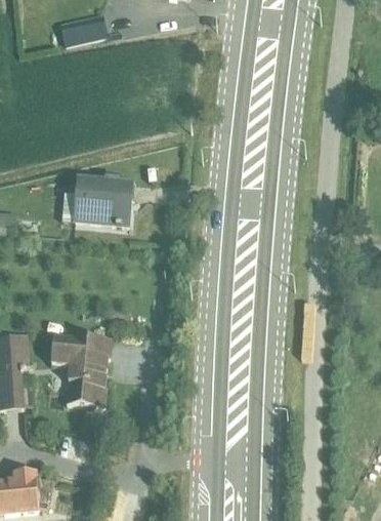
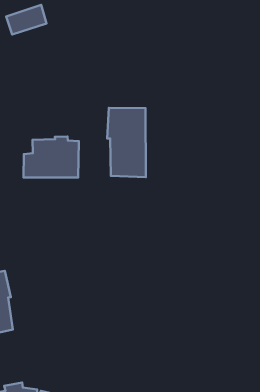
building: none -> [107,108,146,177]
building: [50,334,111,408] -> none

